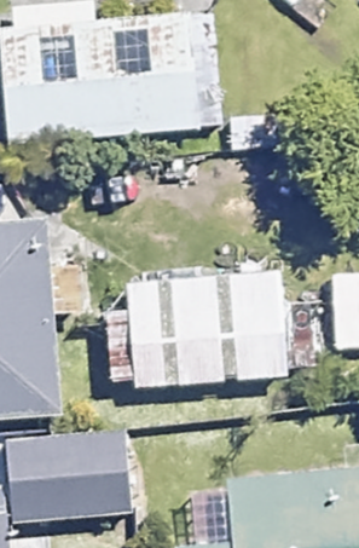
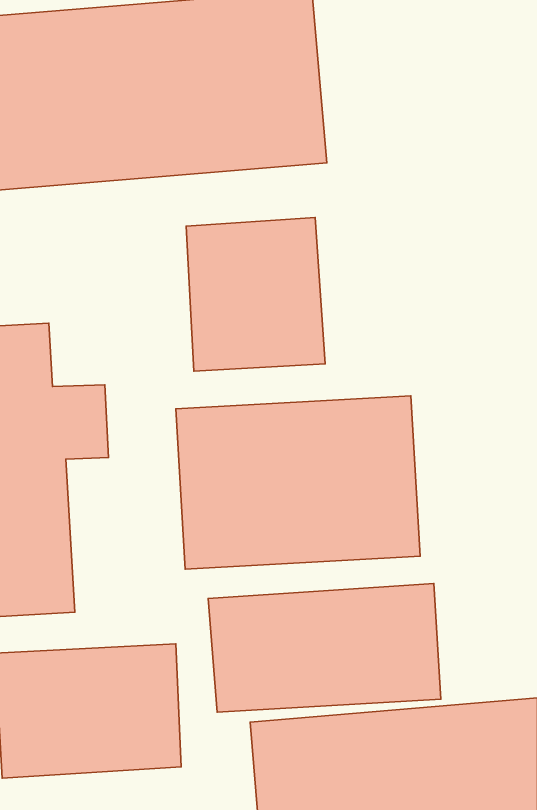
building: none -> [186,217,325,371]
building: none -> [208,584,441,712]

